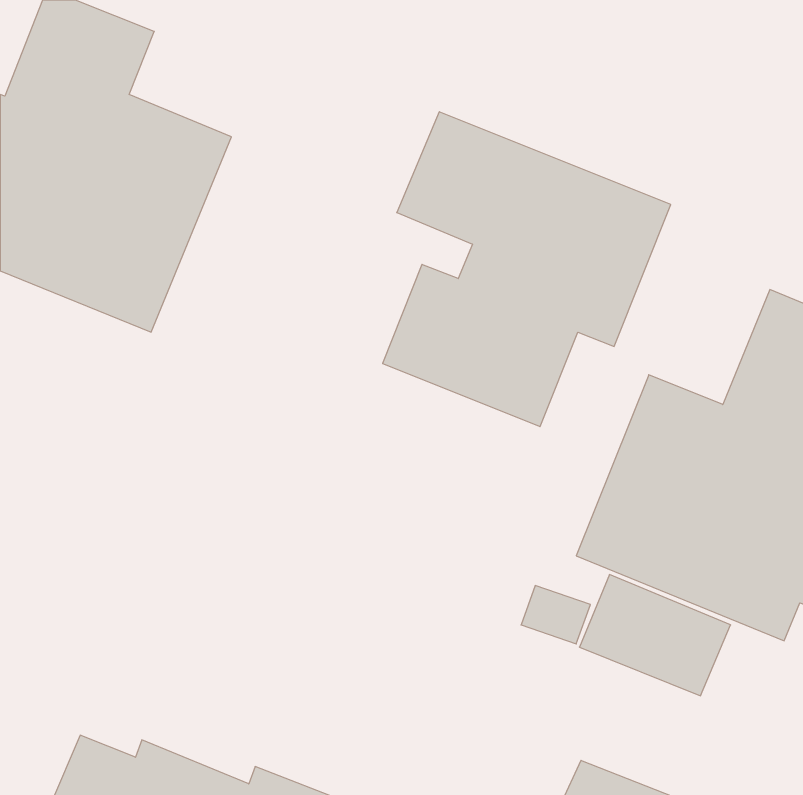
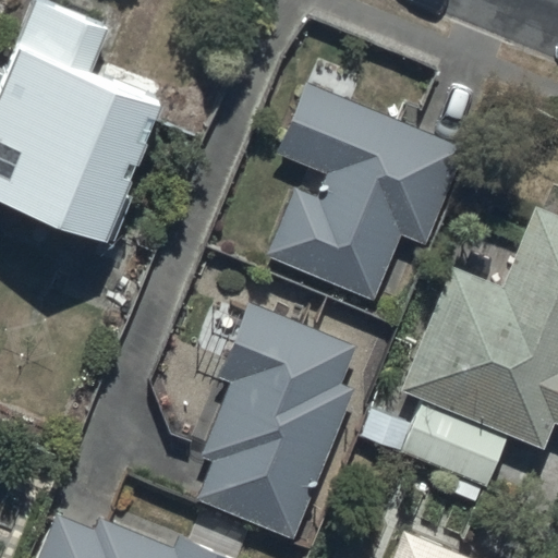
building: none -> [196,303,357,541]

